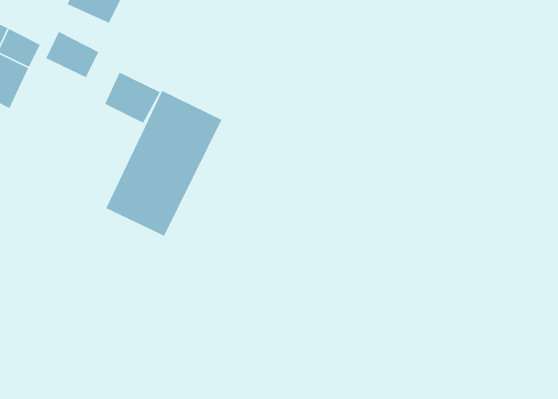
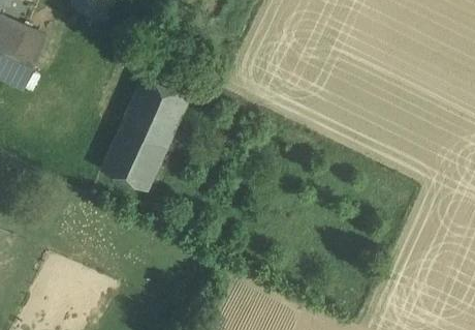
building: [45,31,100,78] -> none
building: [104,71,161,124] -> none

